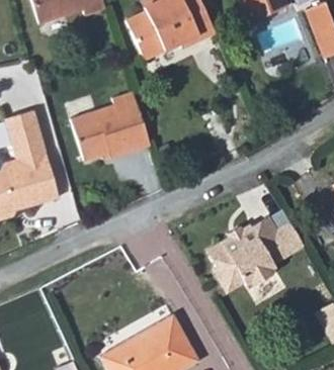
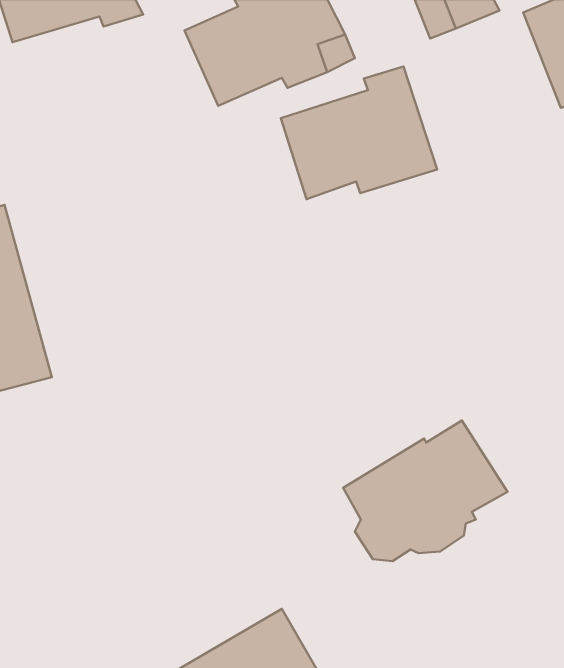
building: [70,91,150,159] -> [281,67,437,199]

